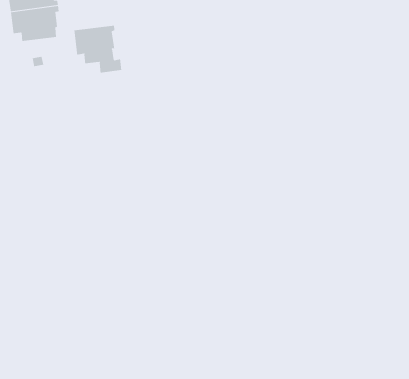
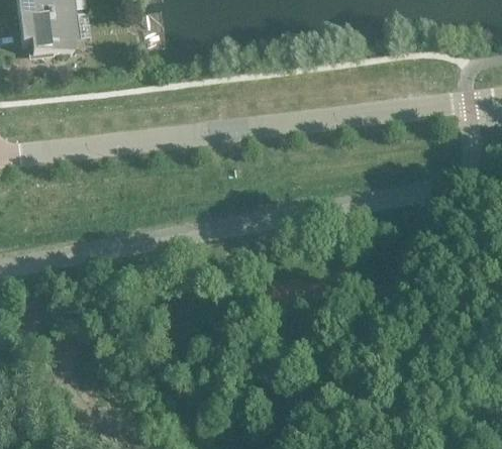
building: [74,25,122,73] -> none

